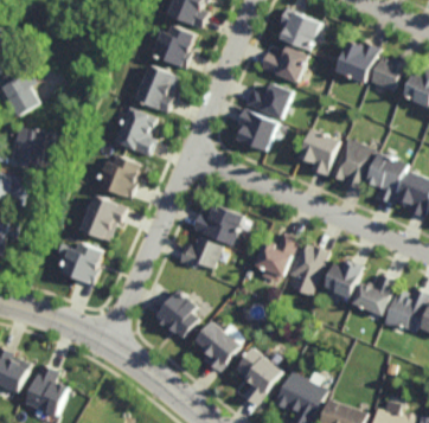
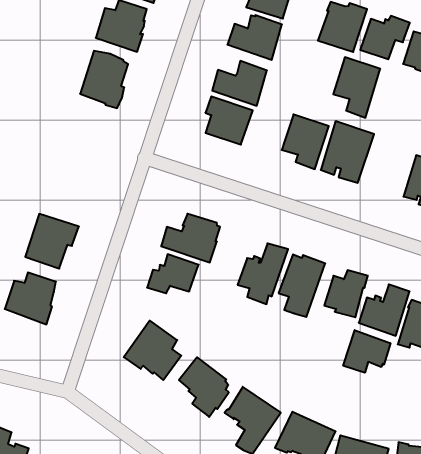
building: [111,105,154,155] -> none
building: [365,153,405,204] -> [333,57,380,118]
building: [95,154,140,199] -> none
building: none -> [343,330,390,373]

